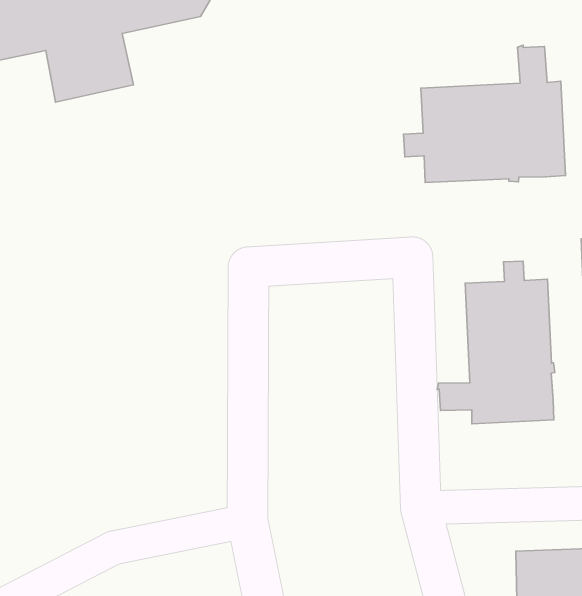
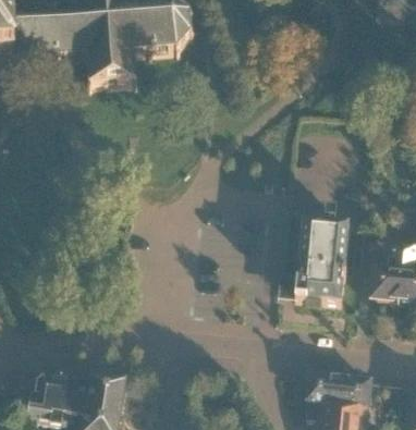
building: [404,45,565,183] -> none

